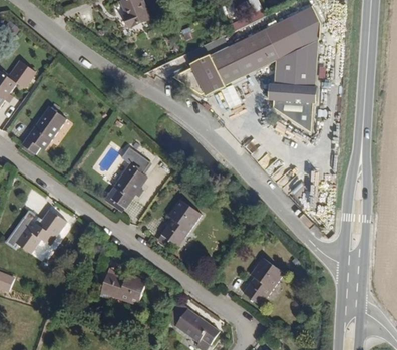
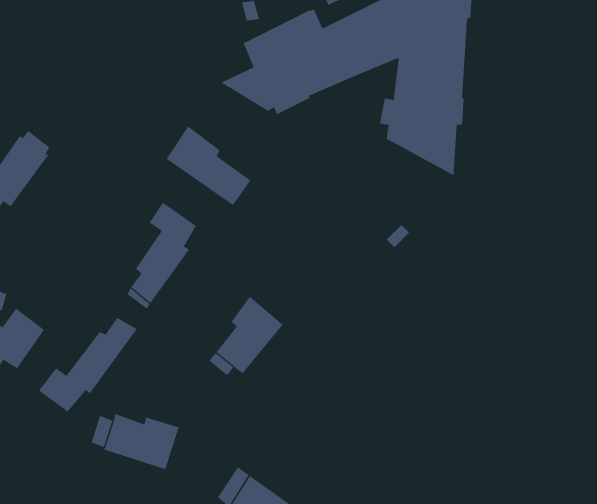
building: none -> [166,126,251,206]
building: none -> [38,317,137,413]
building: [248,260,289,308] -> none

